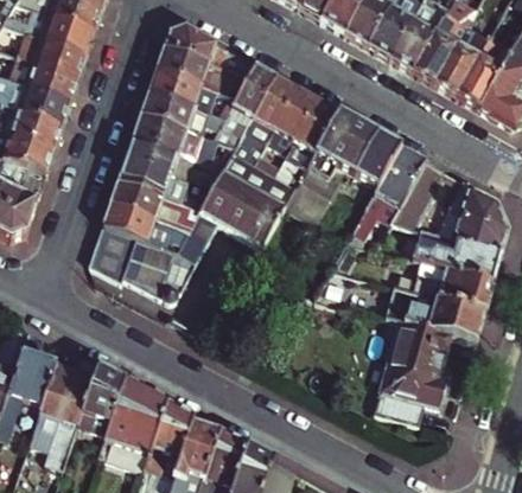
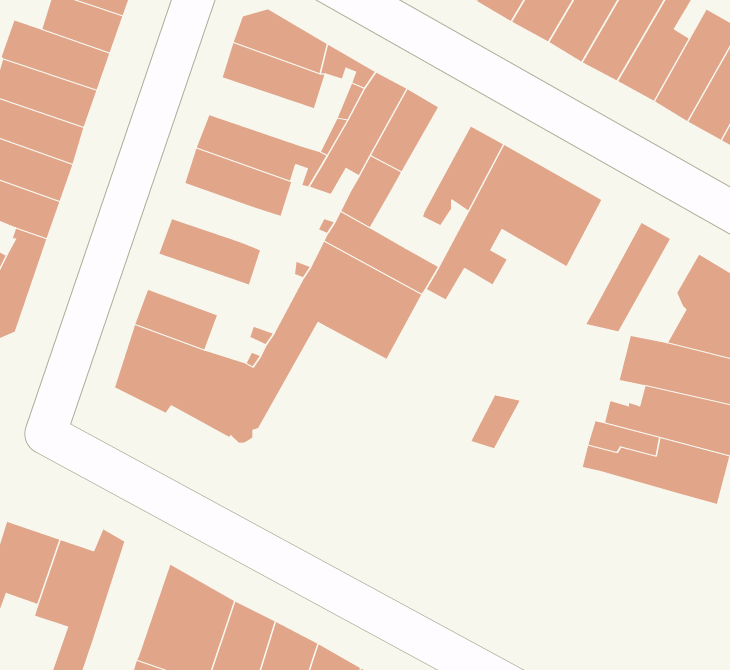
building: [149,66,217,110] -> none
building: [266,85,317,152] -> none
building: [126,134,178,172] -> none
building: [346,145,426,246] -> none
building: [110,179,177,223] -> none
building: [374,318,448,423] -> none
building: [76,363,125,436] -> none

